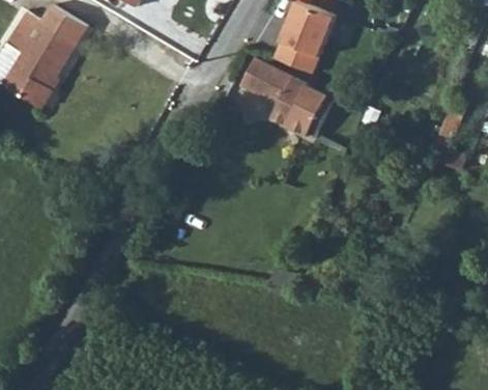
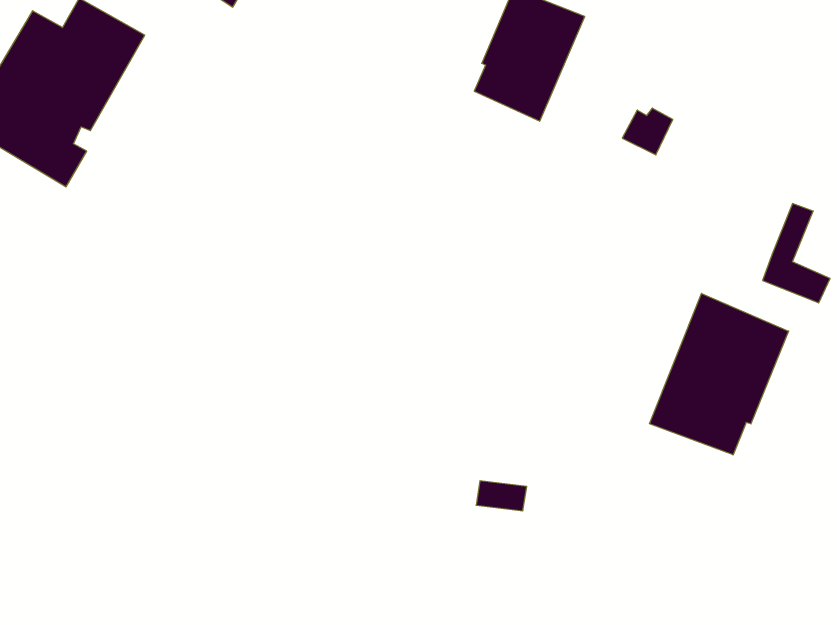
building: [242,57,334,139] -> none
building: none -> [649,293,789,455]

